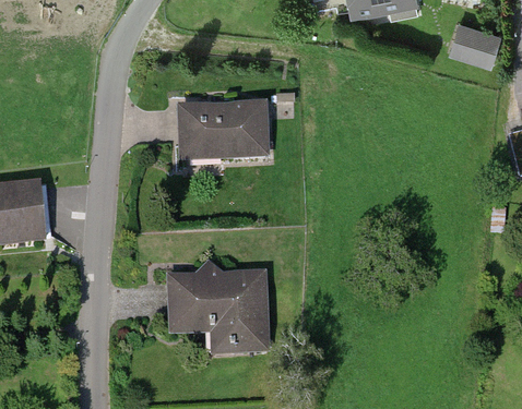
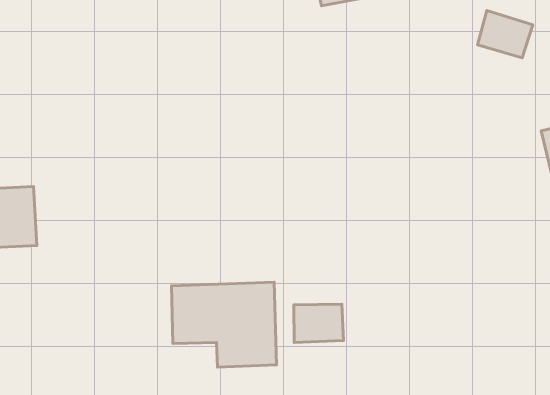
building: [179,104,269,158] -> none
building: none -> [294,304,344,342]

